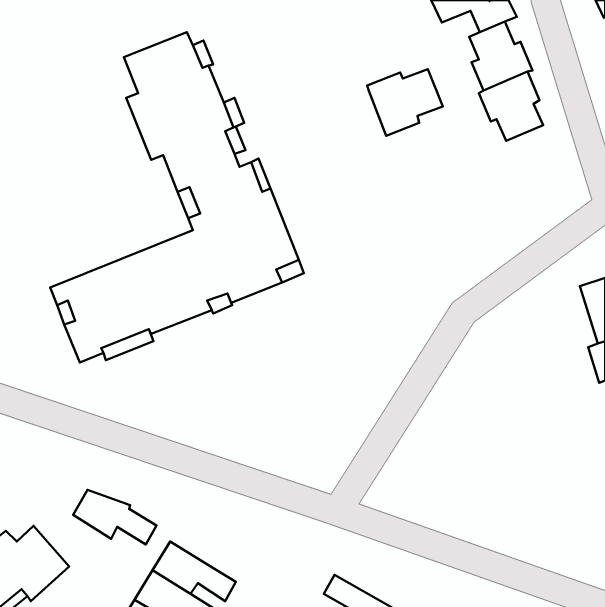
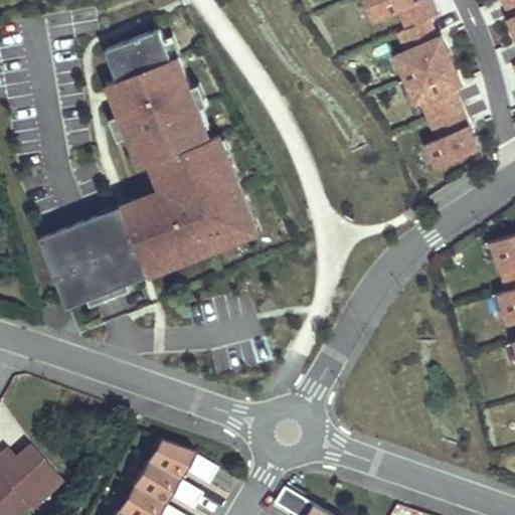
building: [367,69,443,136] -> none
building: none -> [425,108,477,168]
building: [73,490,157,545] -> [144,438,214,484]

